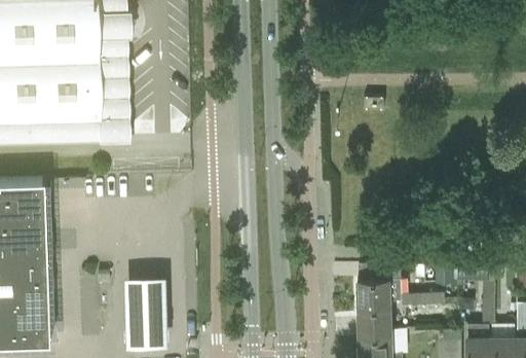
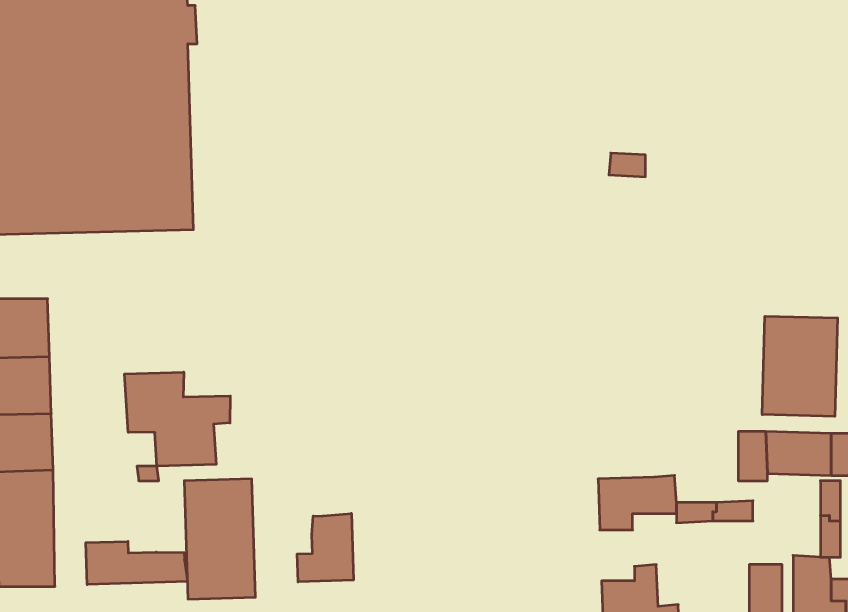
building: none -> [762,316,838,416]
building: none -> [125,372,230,466]
building: none -> [297,513,353,582]
building: [358,299,389,337] -> none
building: none -> [86,541,187,585]

